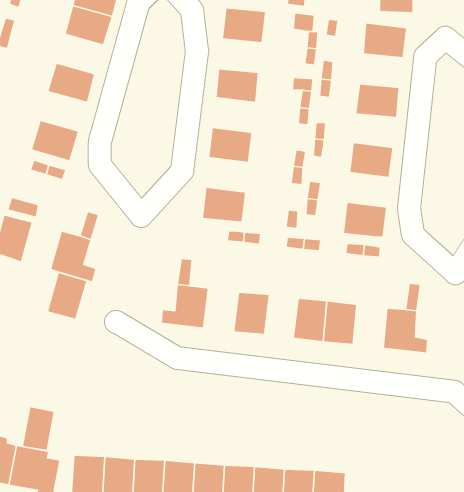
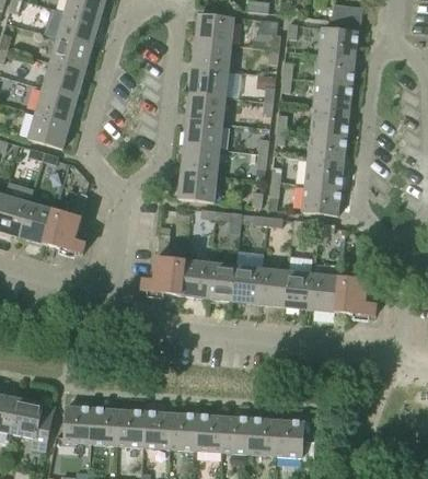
building: none -> [50,36,92,71]
building: none -> [193,40,231,70]
building: none -> [316,54,355,83]
building: none -> [36,86,78,121]
building: none -> [187,92,225,122]
building: none -> [311,106,349,136]
building: none -> [182,144,219,175]
building: none -> [305,157,343,188]
building: [47,272,87,319] -> [20,201,55,243]
building: none -> [180,259,210,297]
building: none -> [233,265,263,303]
building: none -> [311,273,340,312]
building: [22,406,54,450] -> none

